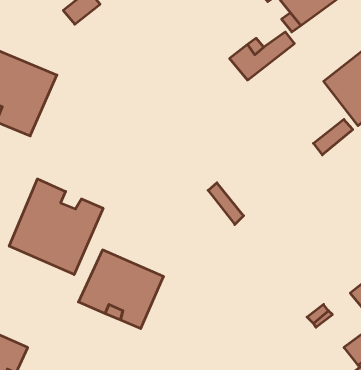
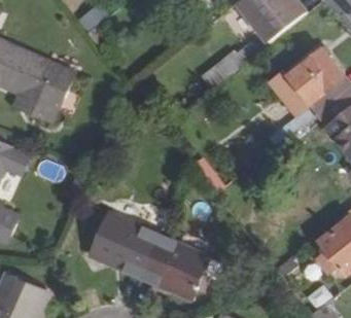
building: [9,179,103,275] -> none
building: none -> [140,236,209,299]

